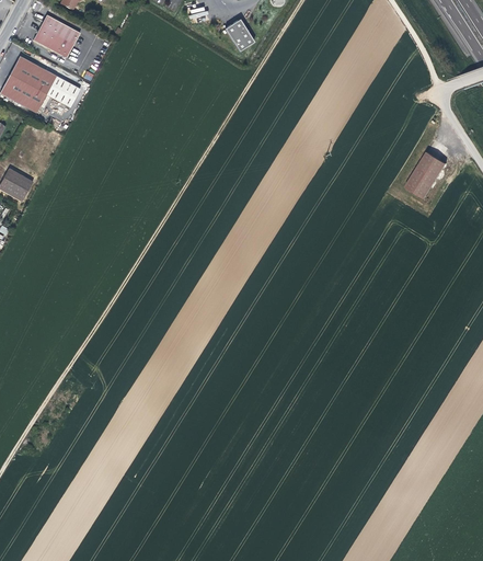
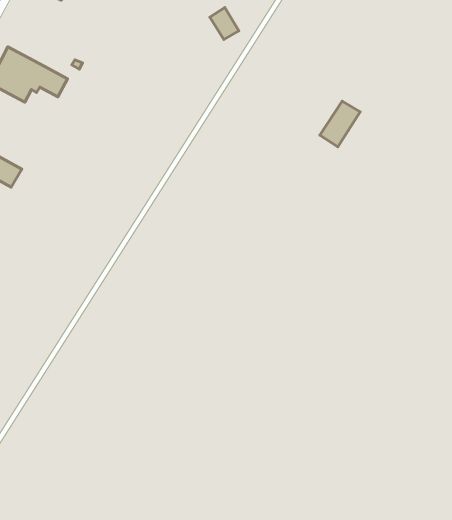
building: [32,14,79,56] -> none
building: [405,150,447,197] -> [320,101,360,147]

